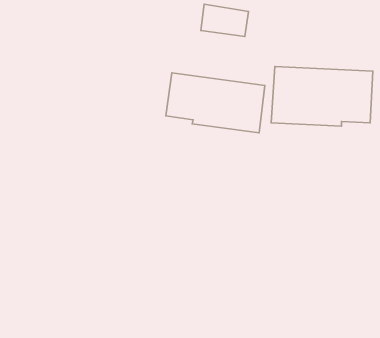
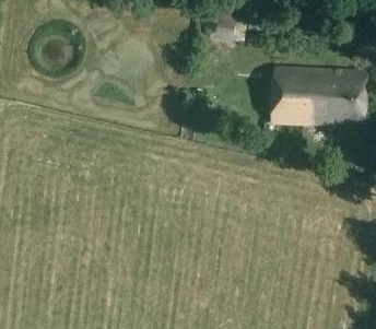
building: [166,73,265,133] -> none

